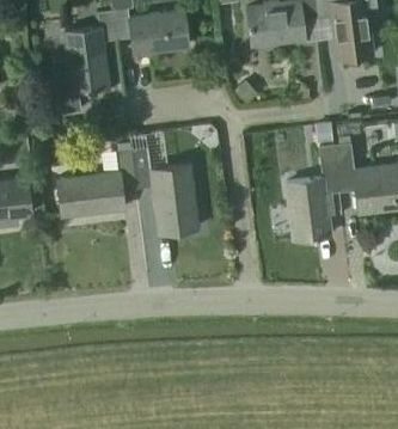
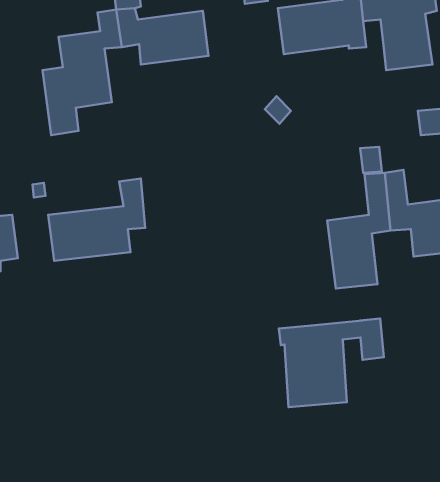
building: [133,147,198,234] -> none
building: none -> [279,318,384,407]

